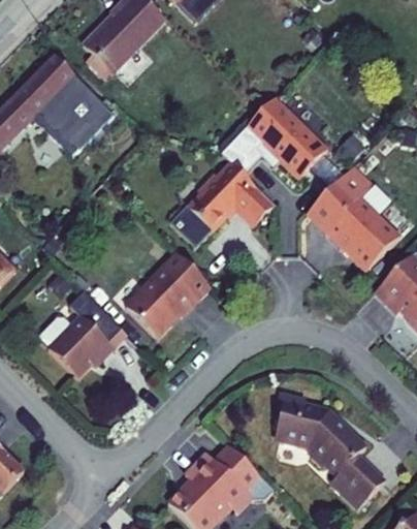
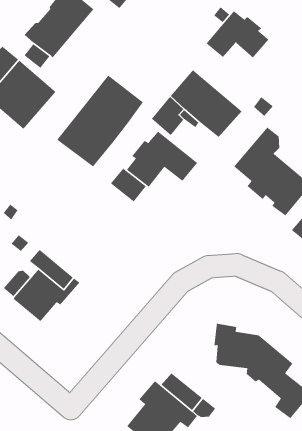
building: none -> [206,10,269,58]
building: none -> [56,75,144,168]
building: [127,252,208,337] -> none

